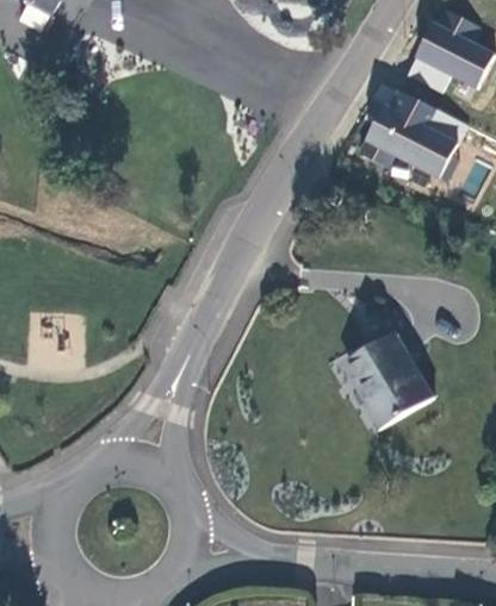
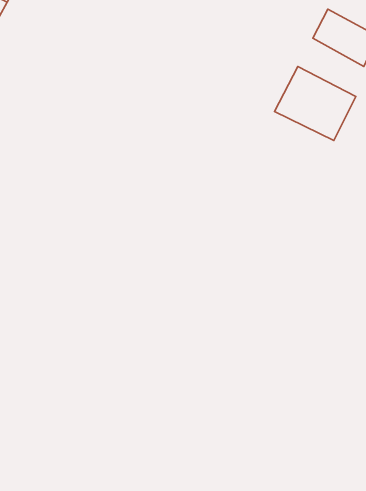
building: [343,331,430,429] -> none

